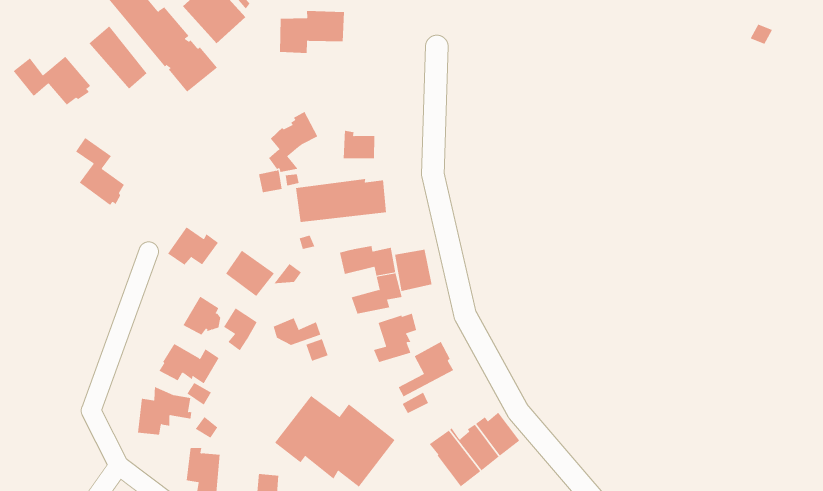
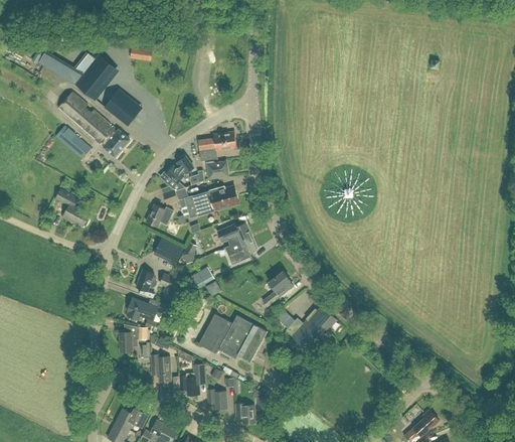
building: [279,11,345,54] -> [198,131,236,160]
building: [13,56,91,105] -> none
building: [167,227,219,265] -> [146,204,174,227]
building: [394,249,432,292] -> none
building: [373,313,417,363] -> none

